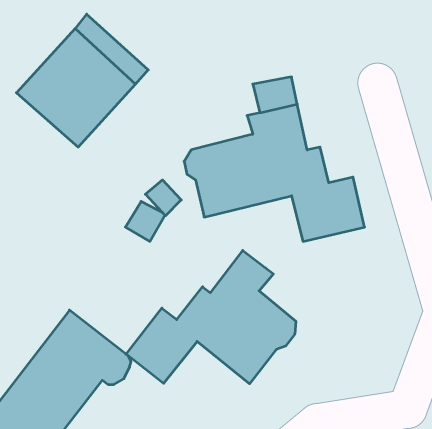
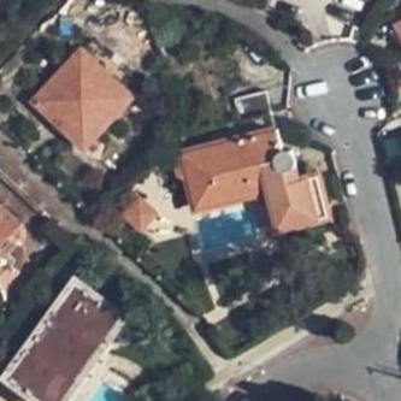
building: [126,250,296,384] -> none

